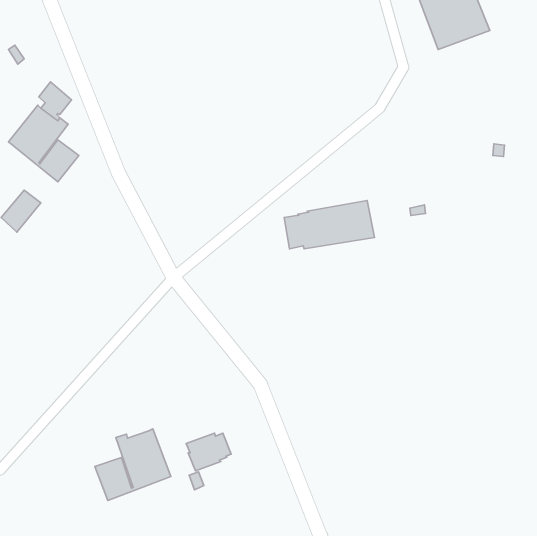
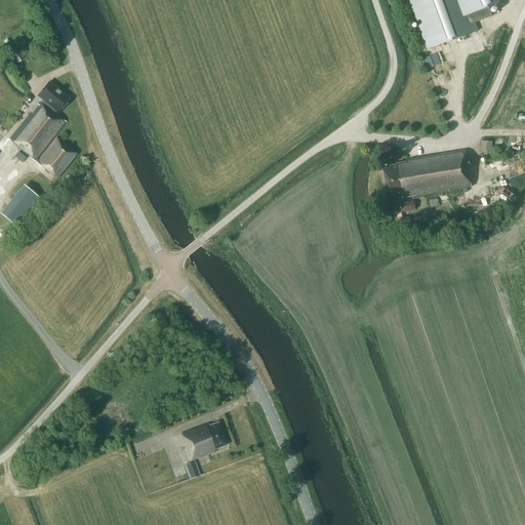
building: [284,201,375,249] -> [383,150,472,197]
building: [95,429,171,501] -> none

